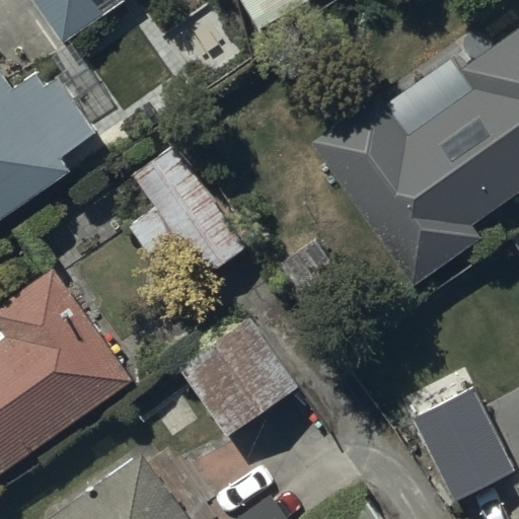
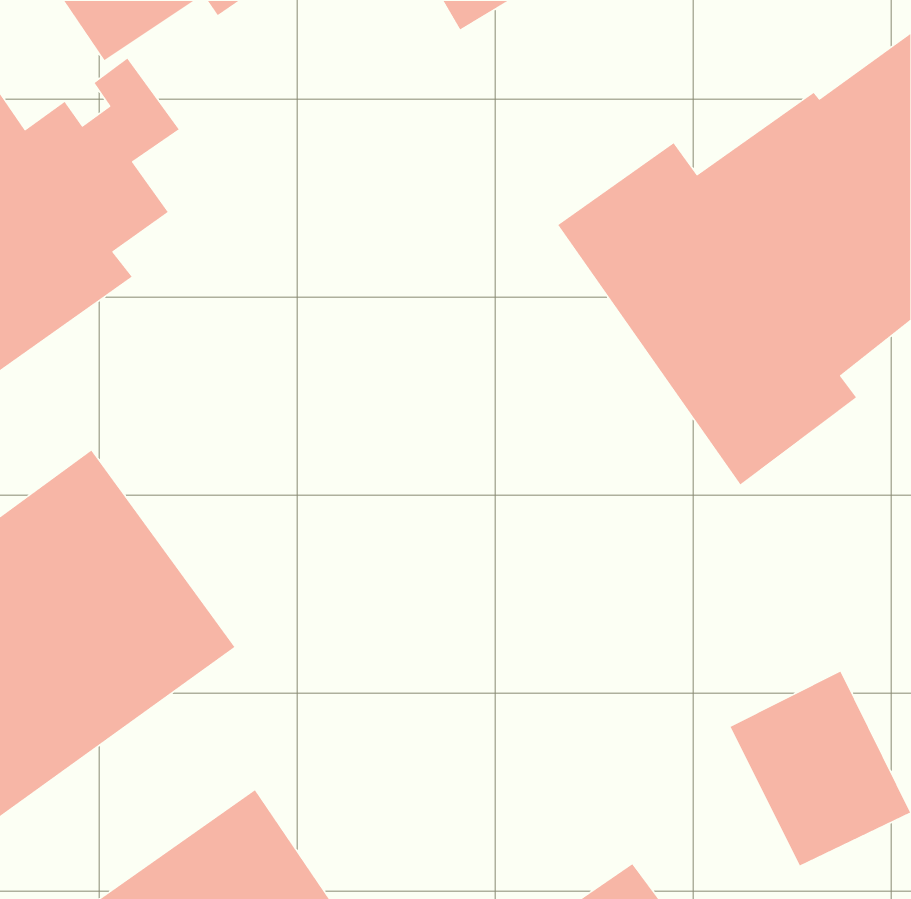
building: [130,145,247,277] -> none
building: [178,323,297,441] -> none

